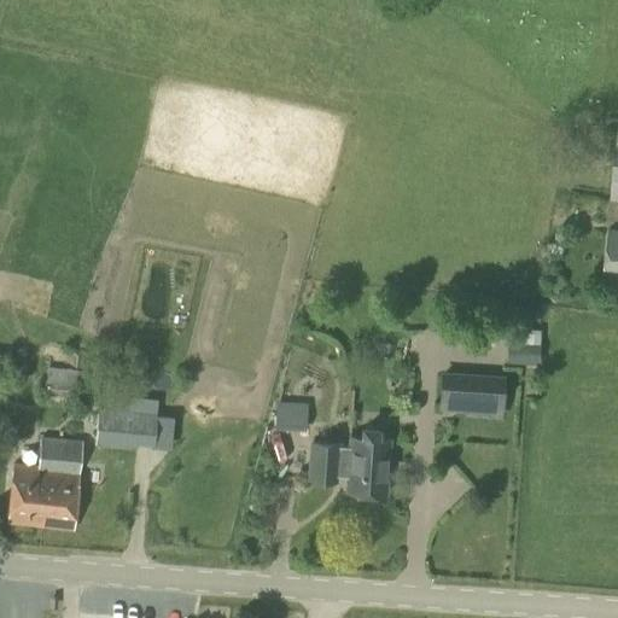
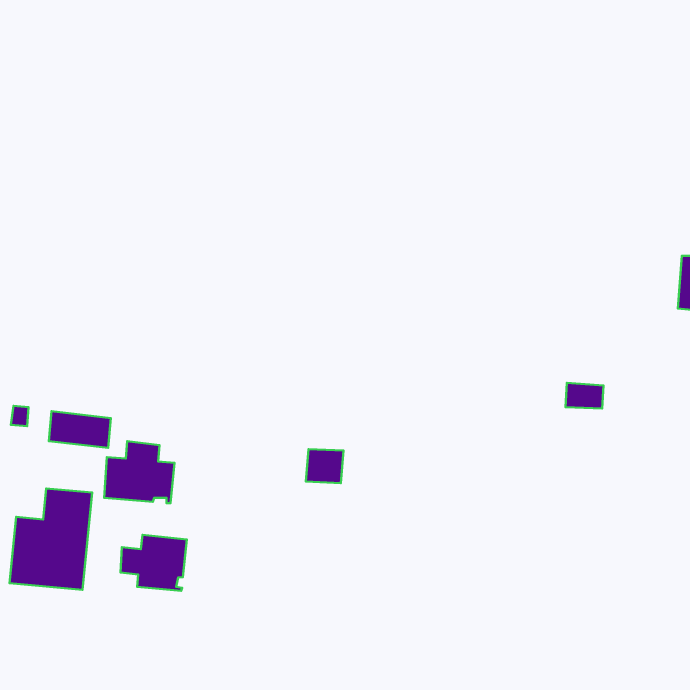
building: [438,372,505,419] -> none
building: [310,436,391,494] -> none
building: none -> [121,535,187,591]

